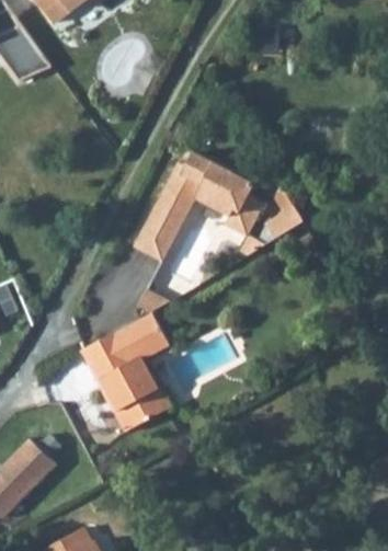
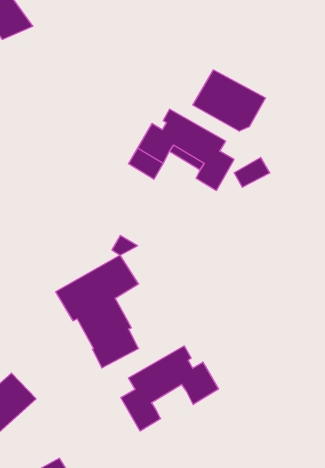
building: none -> [193,70,266,131]
building: [134,214,181,263] -> none
building: none -> [121,346,219,431]

